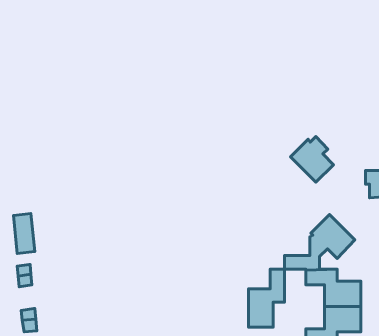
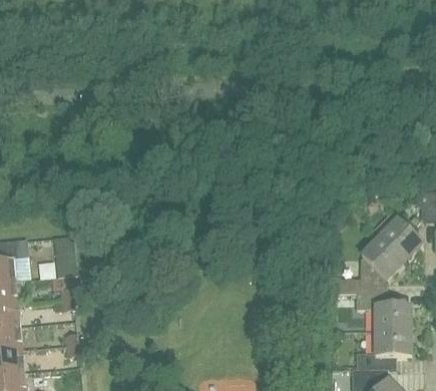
building: [291,136,334,182] -> [379,215,423,262]
building: [249,269,284,327] -> none

